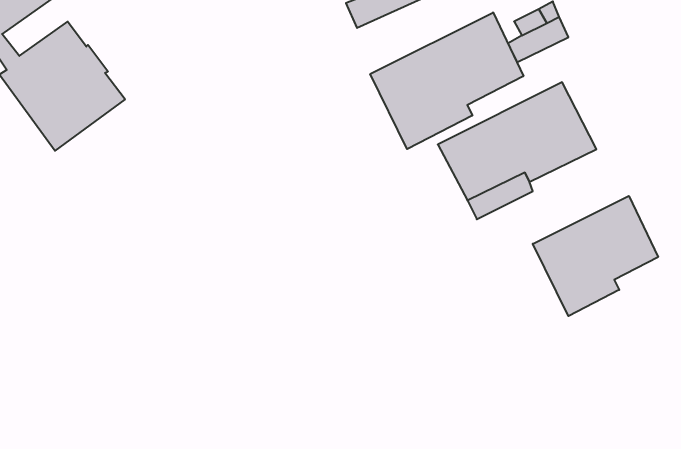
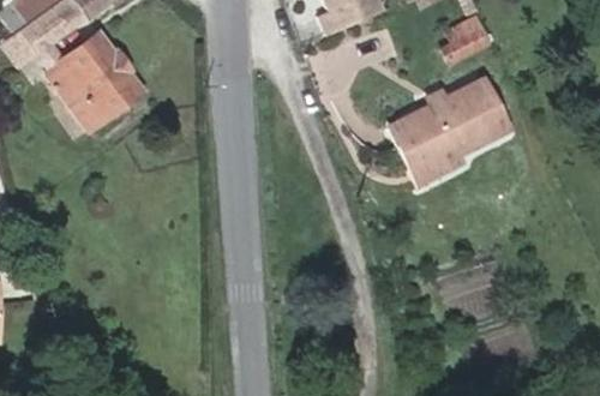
building: [370,12,523,149] -> none
building: [533,196,658,316] -> none

